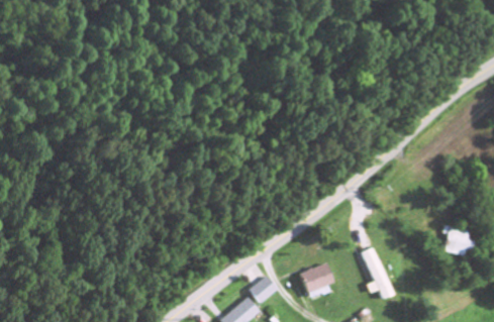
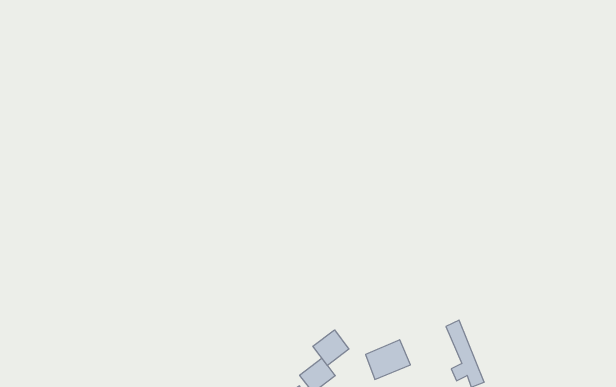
building: [440,223,472,254] -> none
building: none -> [313,330,349,365]

